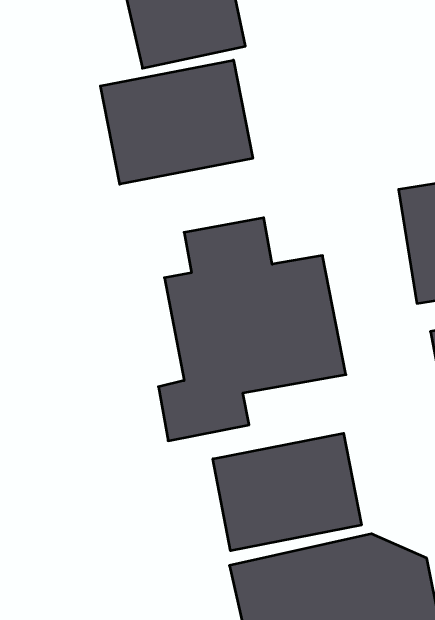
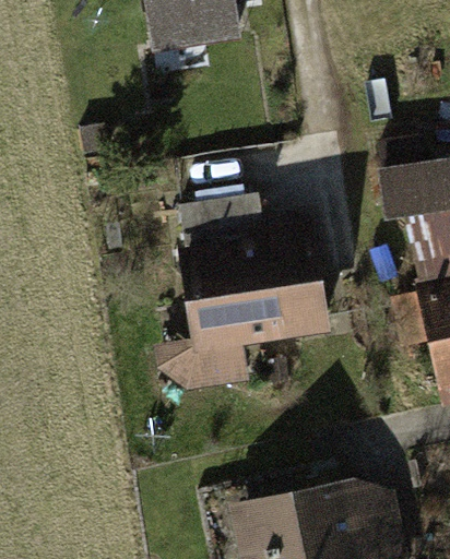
building: [100,60,253,184] -> none
building: [213,433,361,551] -> none

